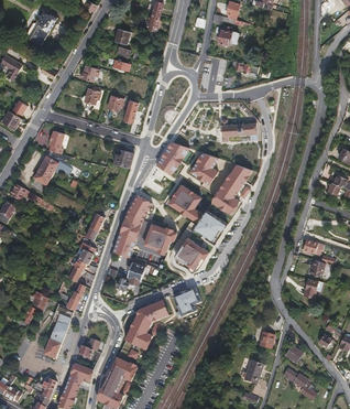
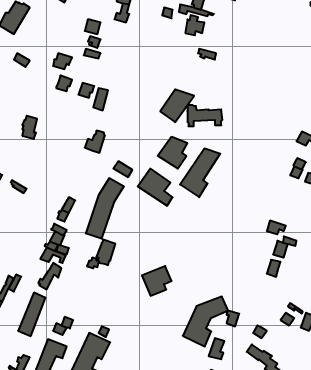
building: [156,141,192,175] -> [160,89,194,122]
building: [33,157,72,185] -> none
building: [196,208,229,240] -> none
building: [144,223,178,255] -> none
building: [176,236,212,269] -> none
building: [124,299,172,351] -> [183,297,228,346]

